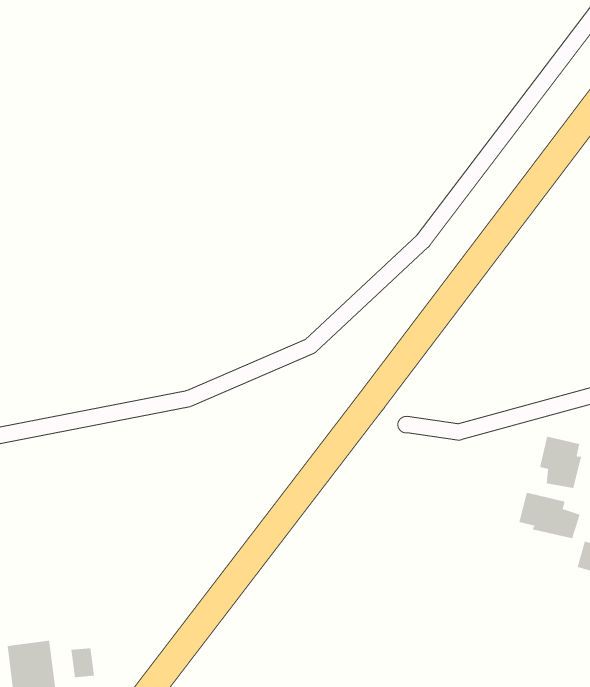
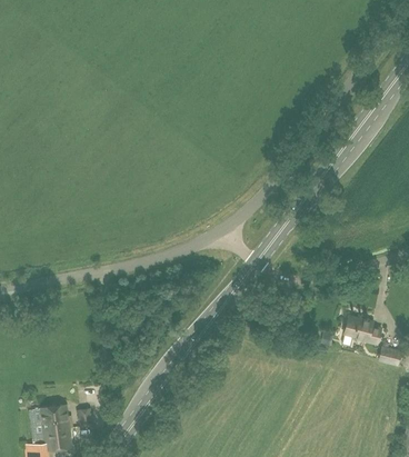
building: [539,436,582,489] -> none

